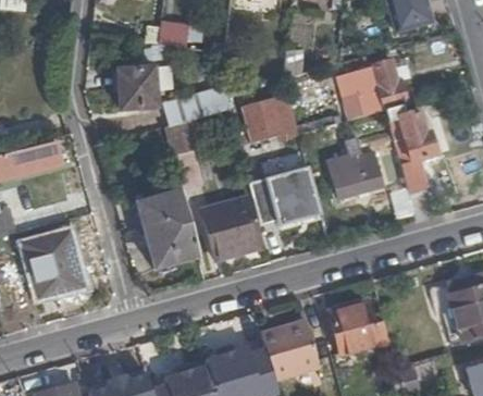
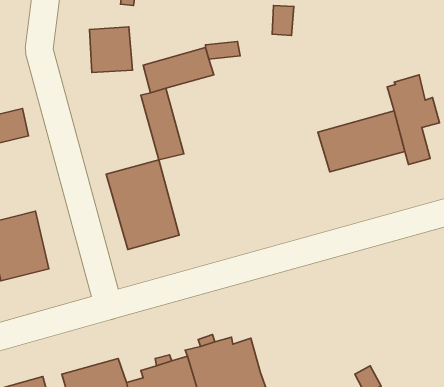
building: [344,58,408,115] -> none
building: [244,94,300,140] -> none
building: [265,169,321,230] -> none
building: [199,195,260,258] -> none
building: [327,301,379,355] -> none
building: [259,319,332,381] -> none

